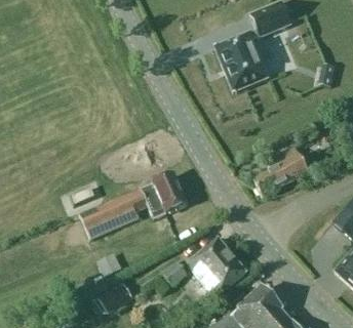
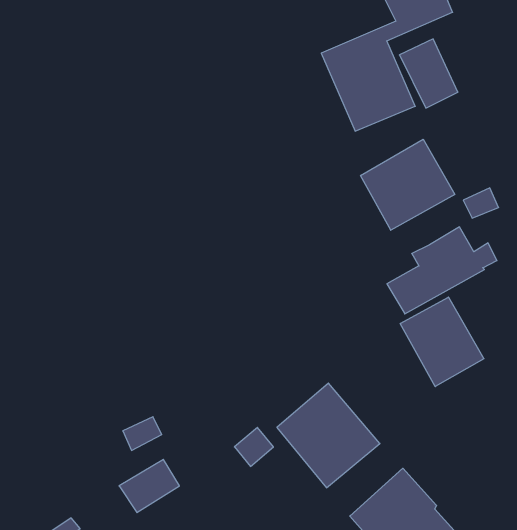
building: none -> [361,139,455,230]
building: [80,173,187,237] -> none
building: none -> [400,297,484,387]

